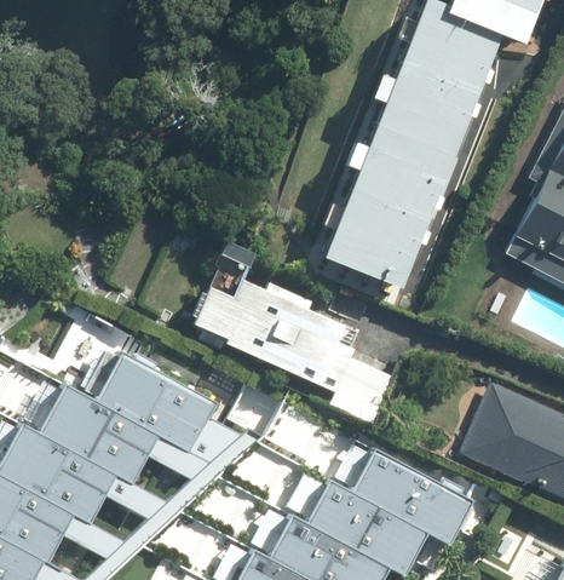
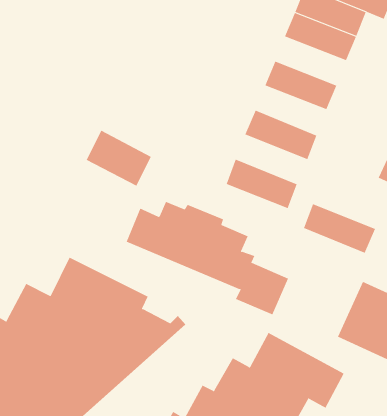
building: [382,67,474,130] -> none
building: [357,130,449,194] -> none
building: none -> [86,130,152,187]
building: [332,193,425,257] -> [303,204,376,253]

